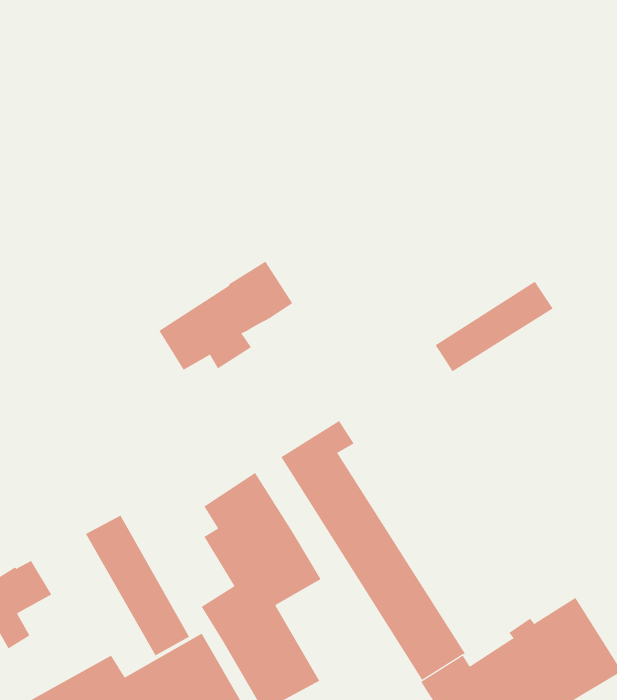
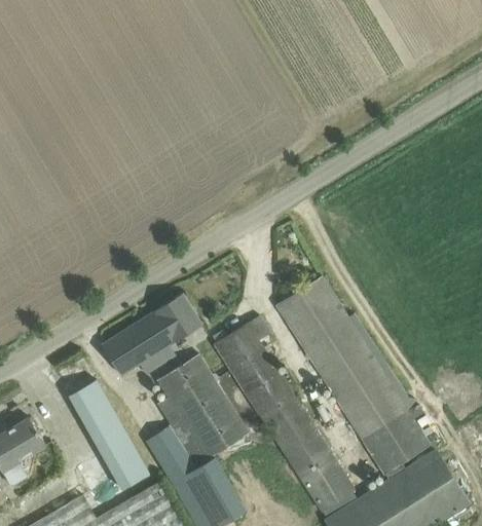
building: [159,261,293,371] -> [102,293,202,375]
building: [435,281,553,372] -> none
building: none -> [276,275,440,475]

